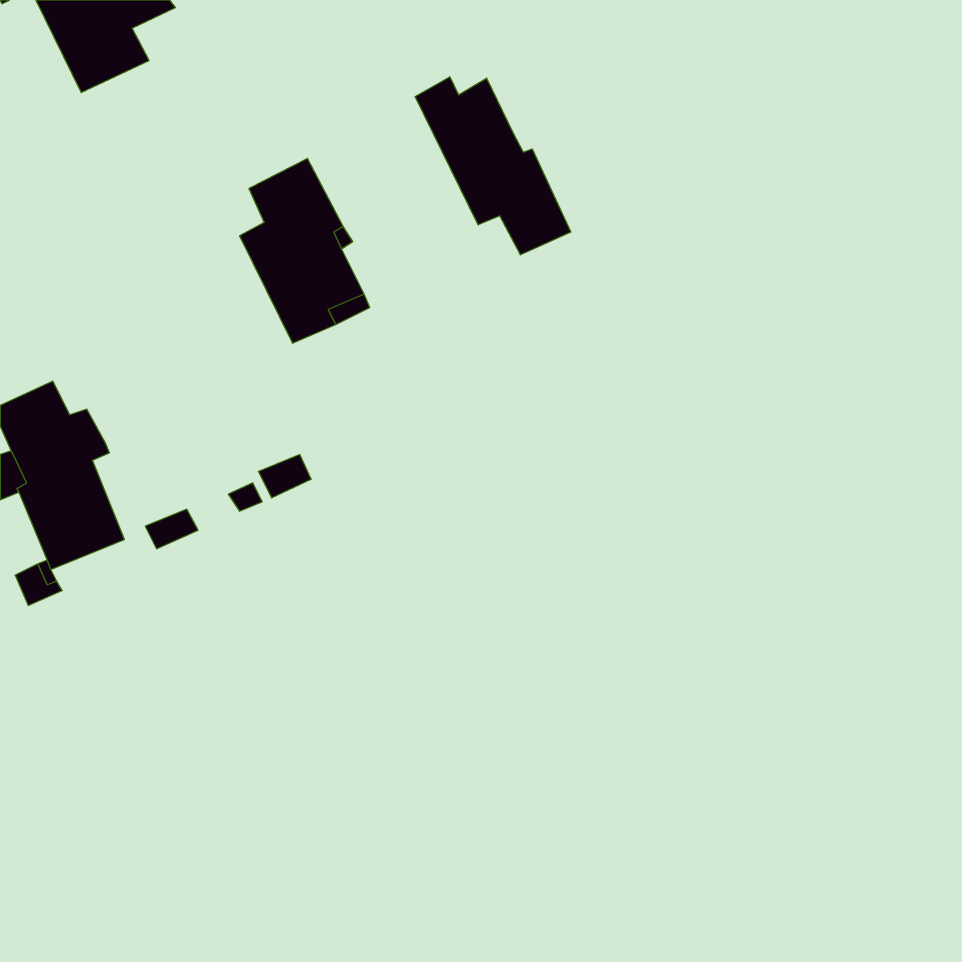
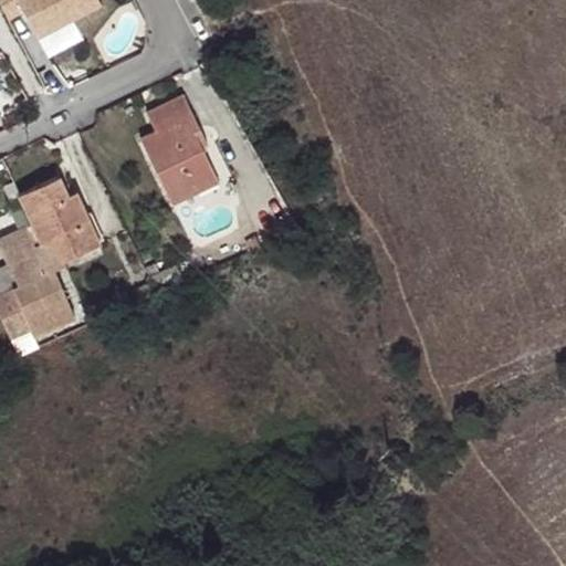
building: [415,77,571,255] -> none
building: none -> [19,178,98,261]

